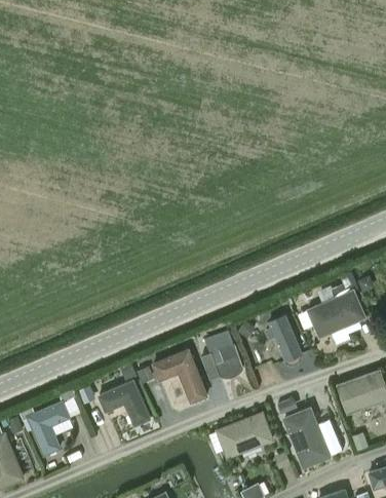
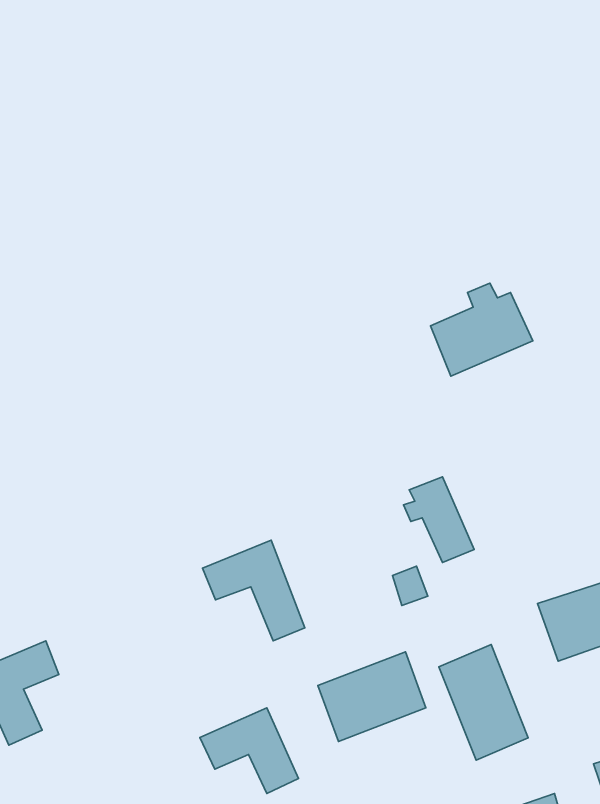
building: [309,284,365,336] -> [430,283,533,376]
building: [201,345,243,380] -> none
building: [97,380,151,427] -> [200,708,299,794]

